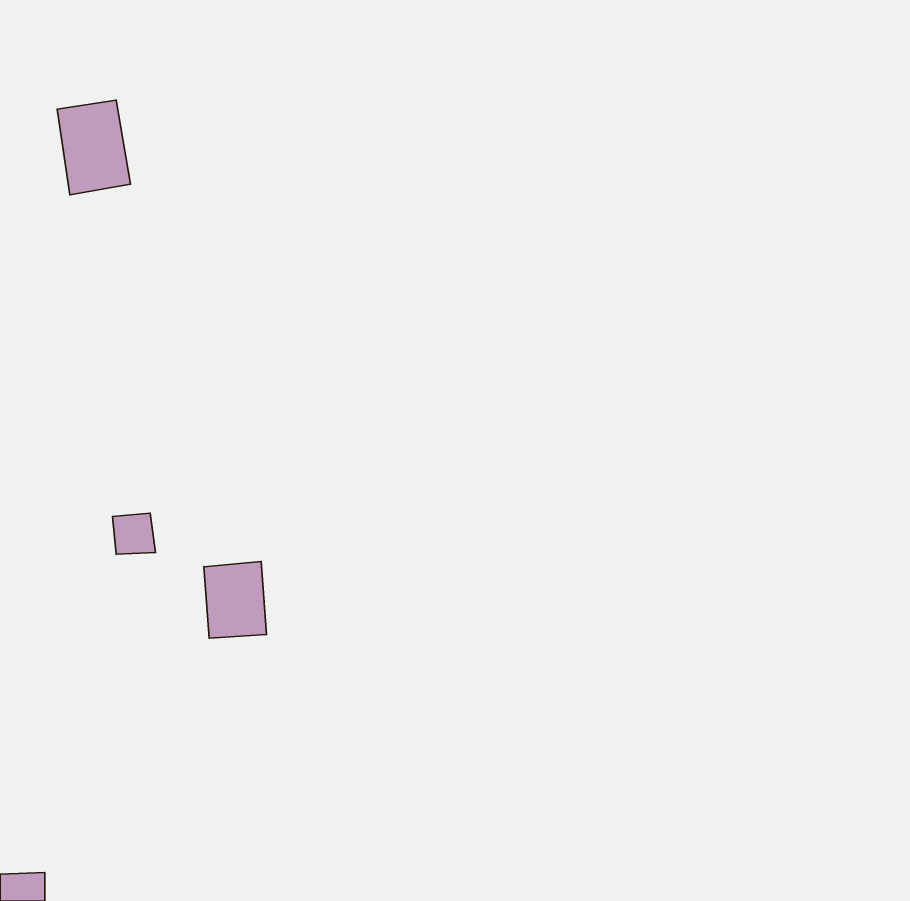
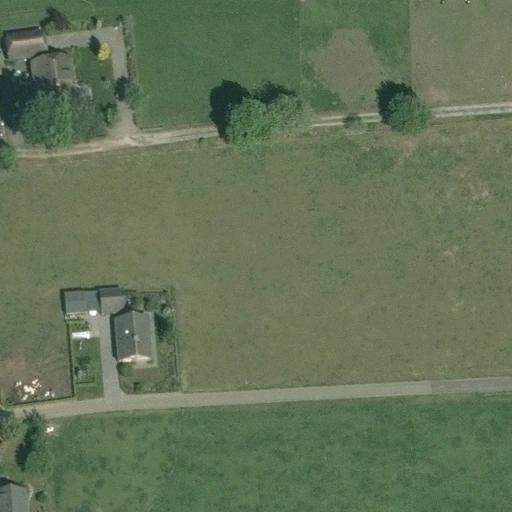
building: none -> [7,29,44,55]
building: none -> [100,286,124,310]

